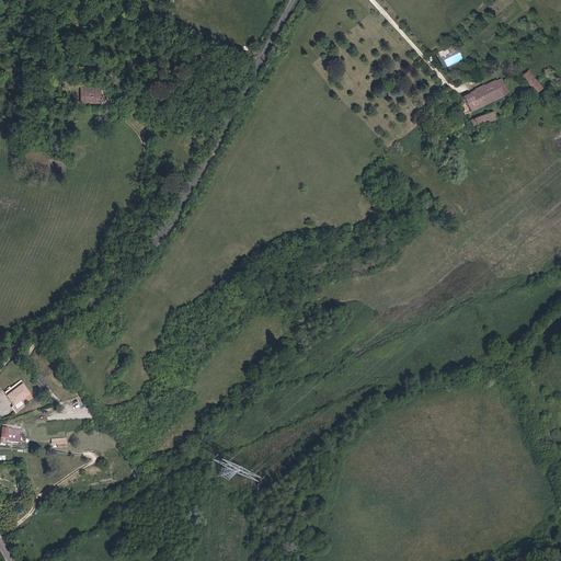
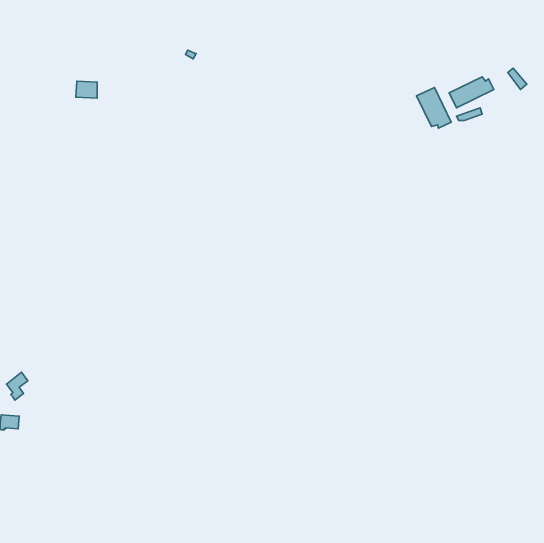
building: none -> [416,87,451,128]

